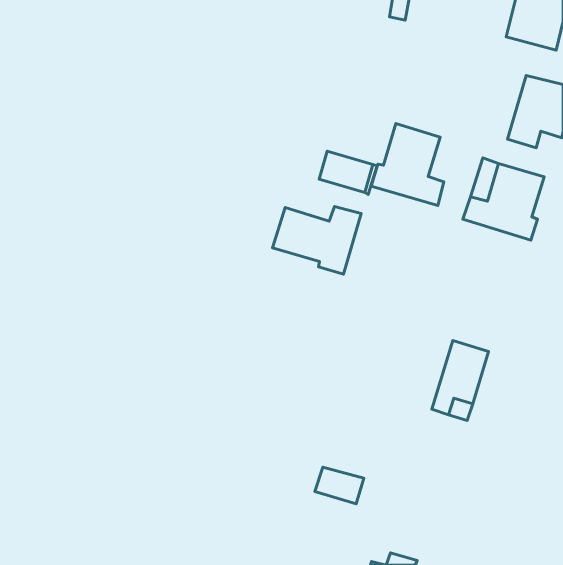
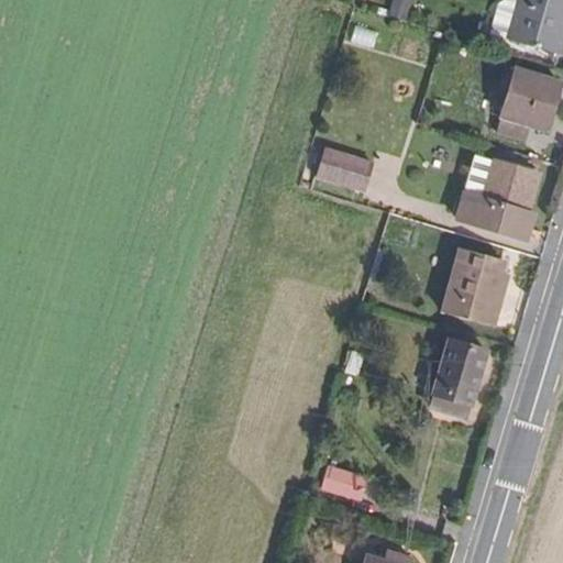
building: [371,123,444,206] -> none
building: [272,207,361,274] -> none
building: none -> [443,243,511,324]

